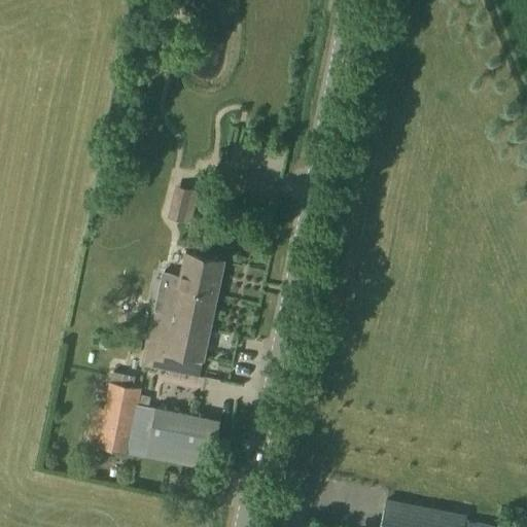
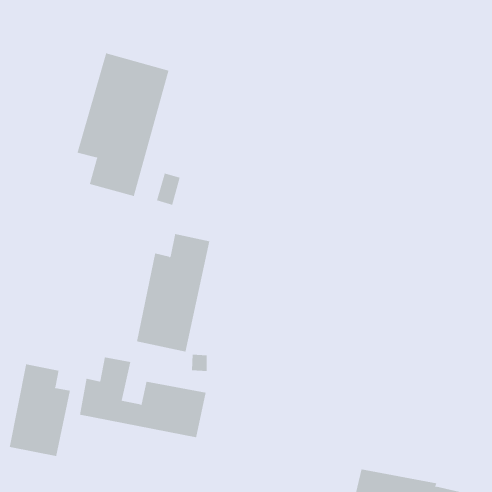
building: none -> [77,53,169,197]
building: none -> [9,364,70,457]

